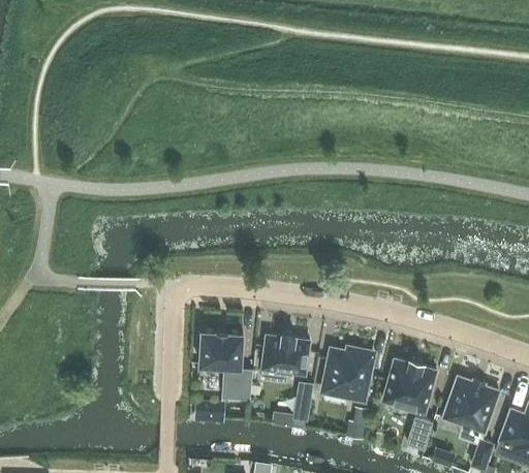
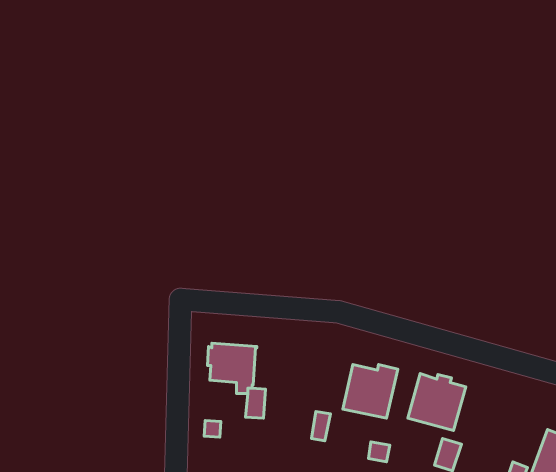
building: [261,334,309,374] -> none
building: [443,377,498,433] -> none

